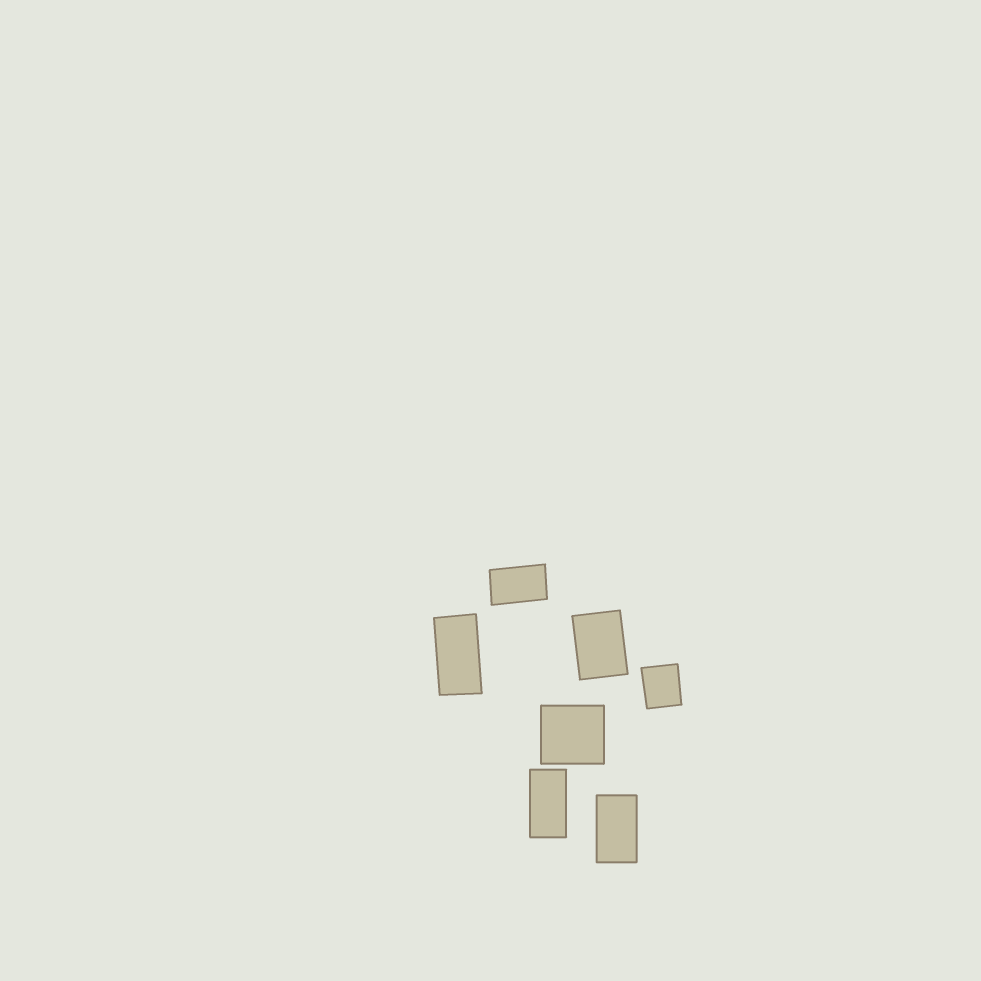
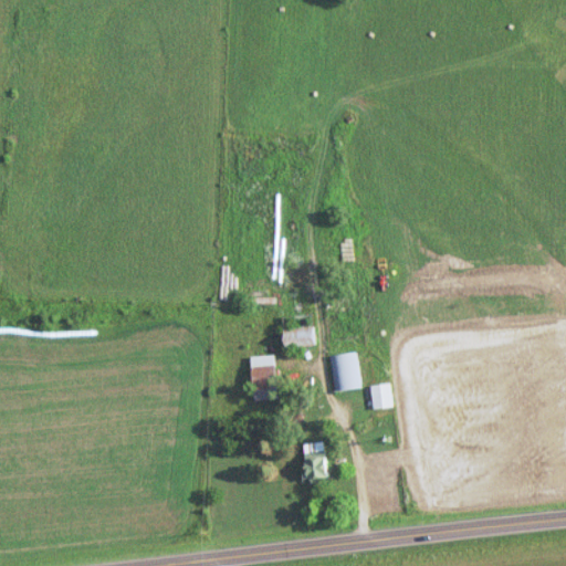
building: [541,705,604,764] -> none
building: [597,795,636,862] -> none

